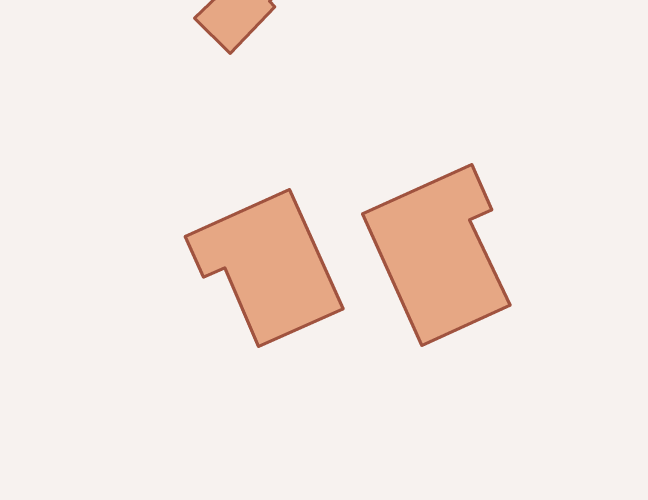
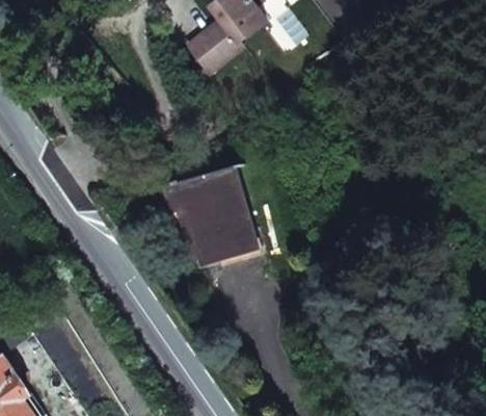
building: [362,165,510,346] -> none

